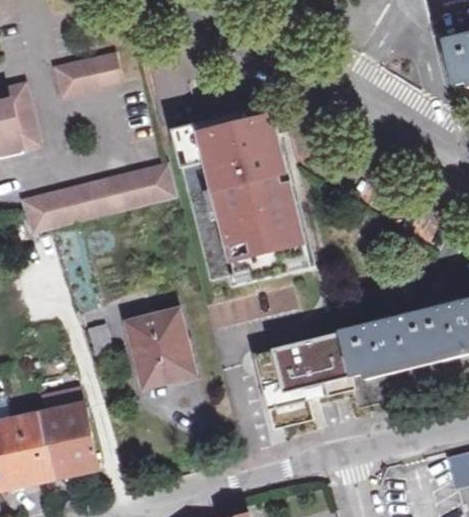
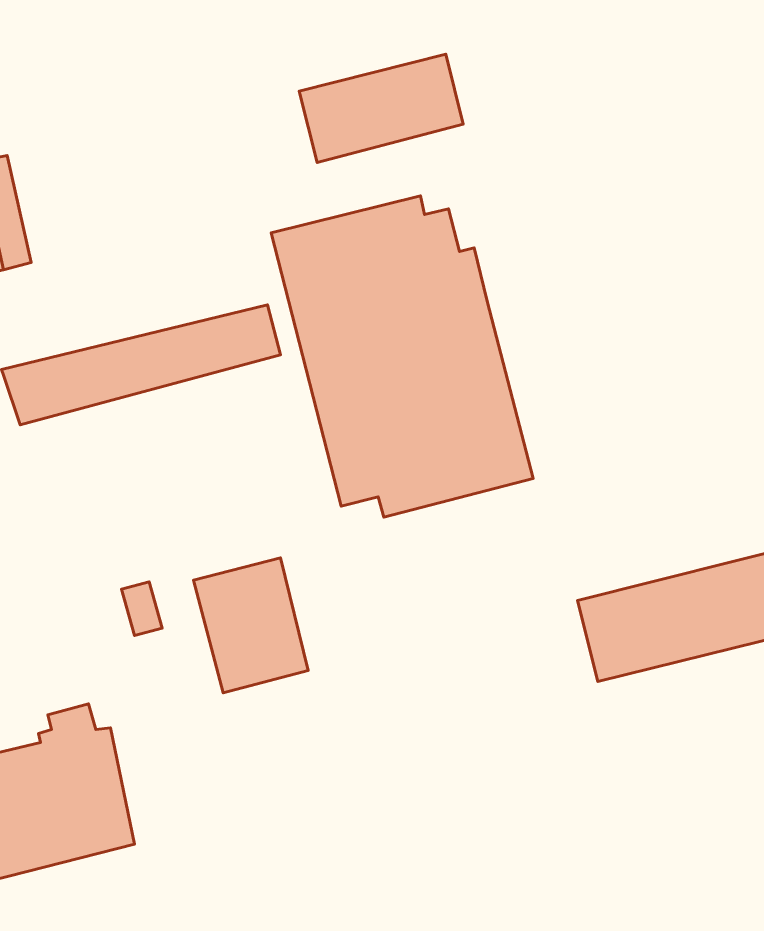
building: none -> [299,54,463,162]
building: [61,58,124,98] -> none
building: [255,330,351,408] -> none

